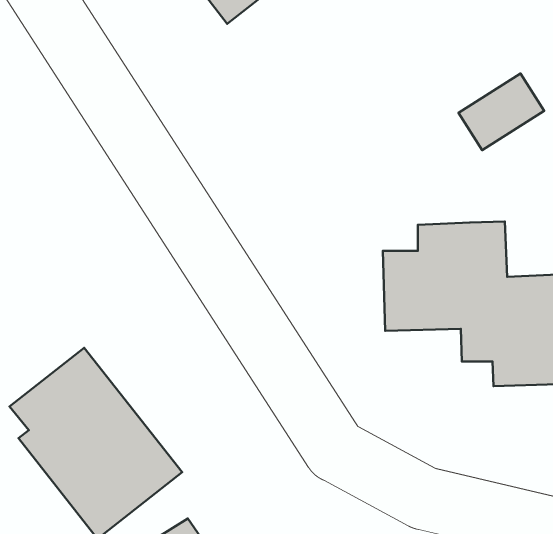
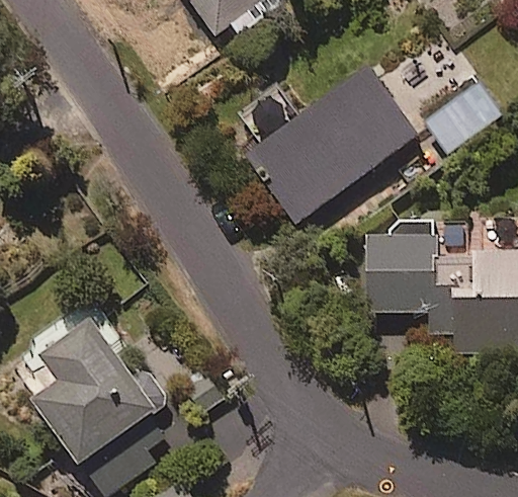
building: none -> [250,70,416,218]

